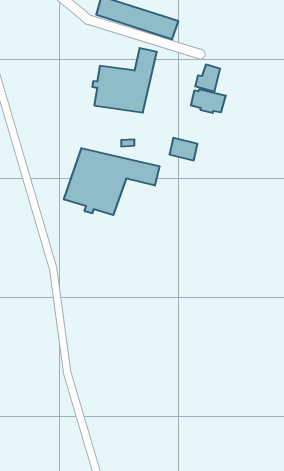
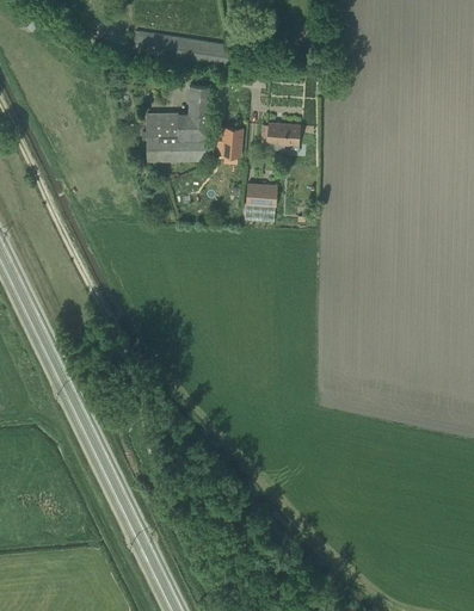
building: [195,65,220,91] -> [215,126,241,156]
building: [64,148,160,215] -> none

